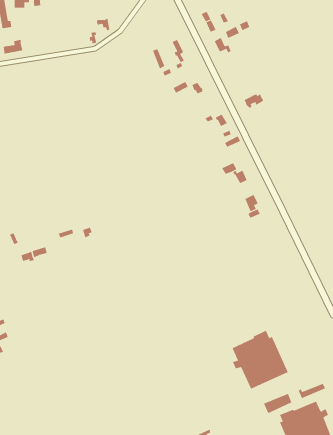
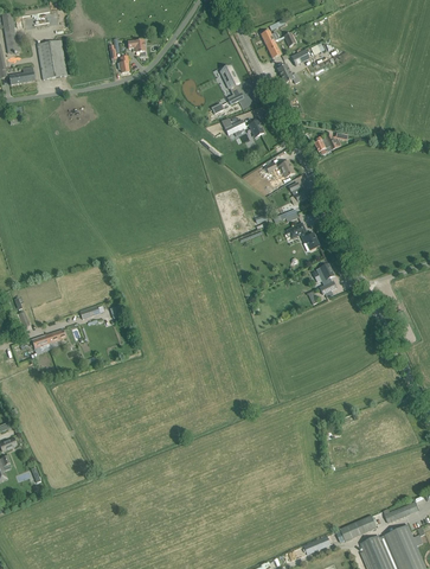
building: none -> [37,39,66,78]
building: [232,330,289,389] -> none

